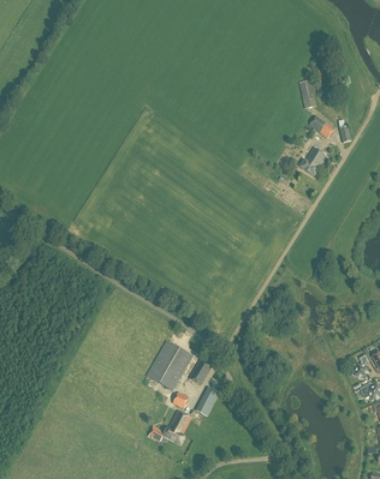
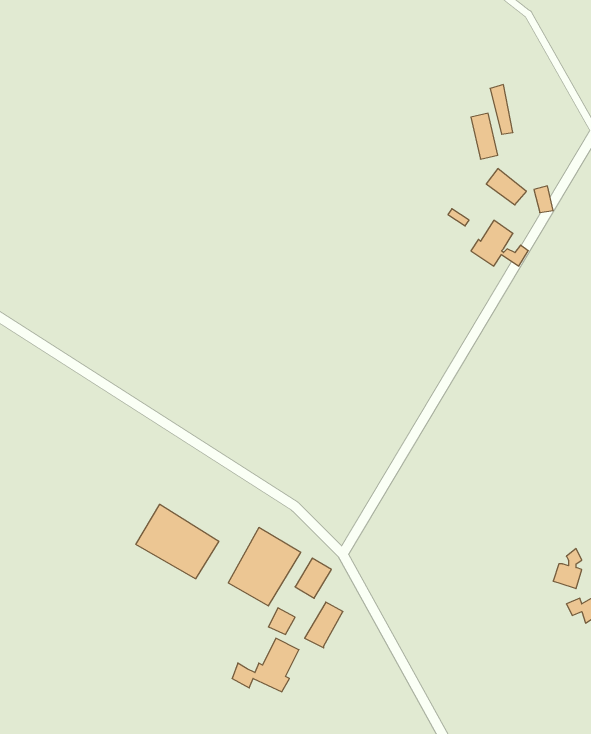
building: none -> [136,504,219,579]

